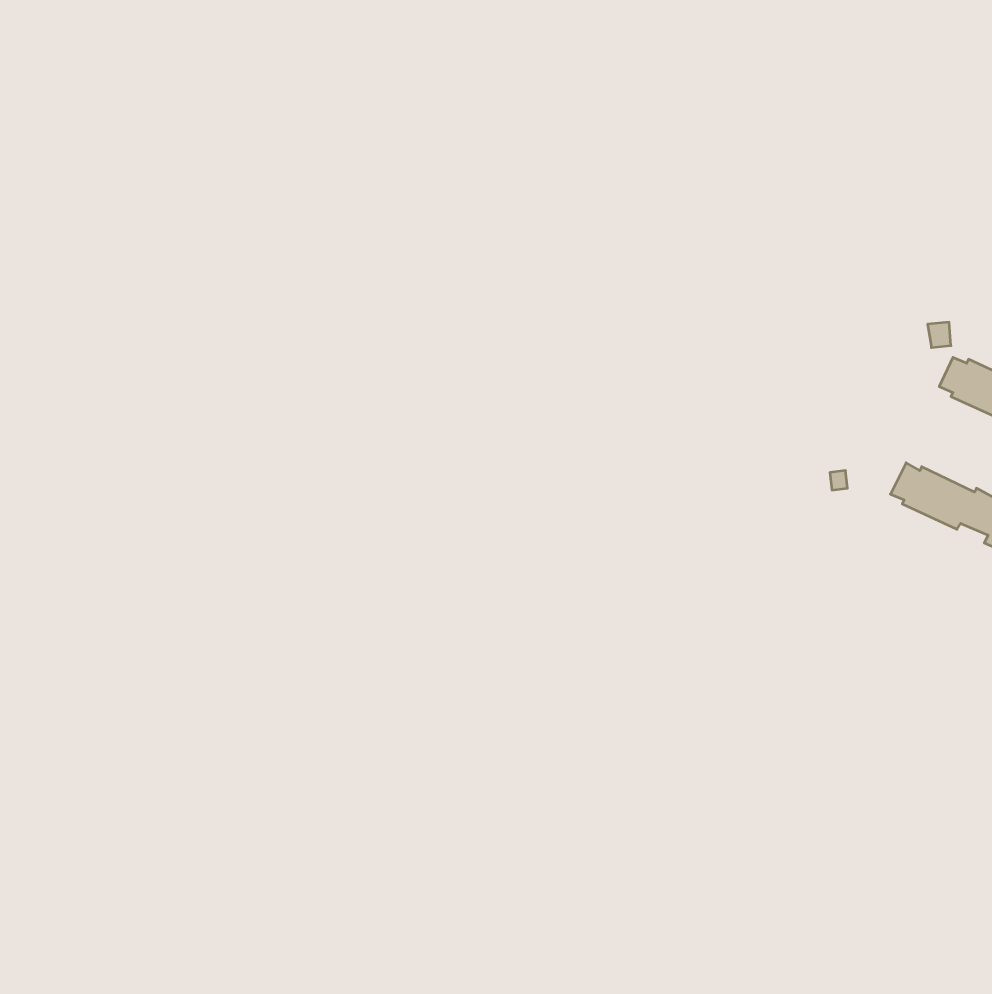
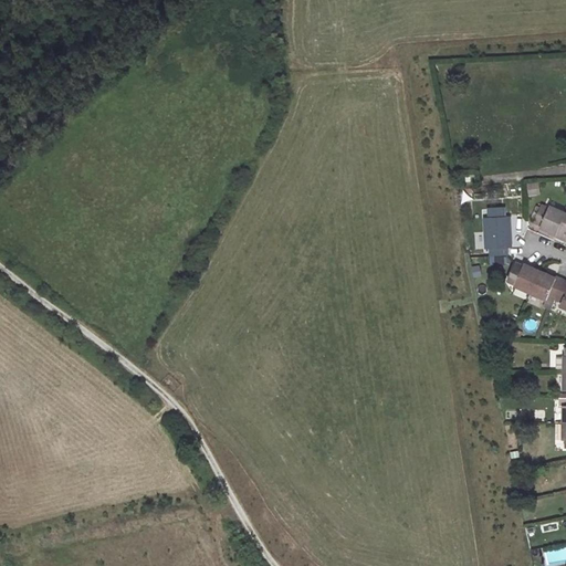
building: none -> [483,206,512,255]

